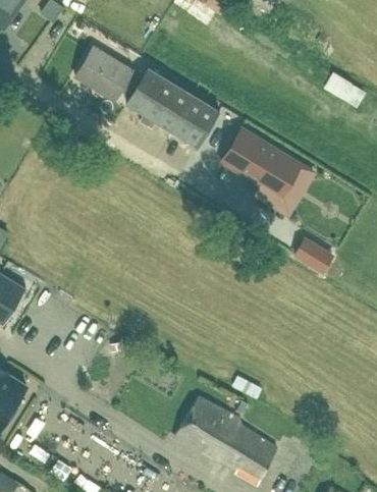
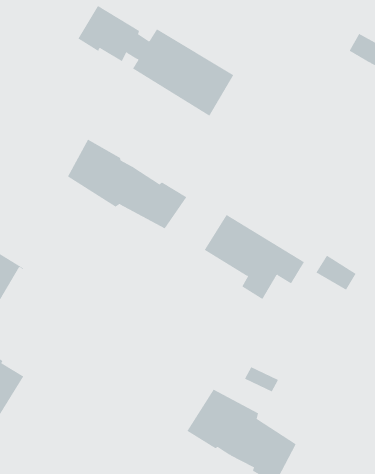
building: [221,127,314,206] -> [204,214,305,300]
building: none -> [67,139,187,229]
building: [297,243,334,276] -> [315,255,357,290]

